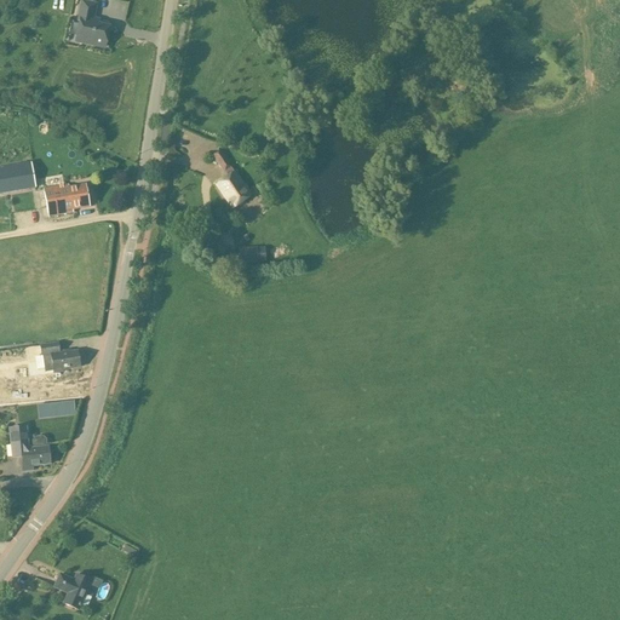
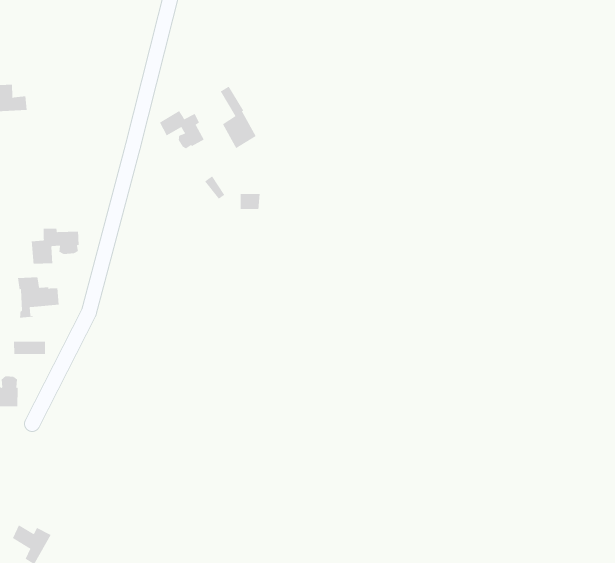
building: none -> [159,110,205,149]
building: [44,182,90,214] -> none
building: none -> [31,228,79,264]

